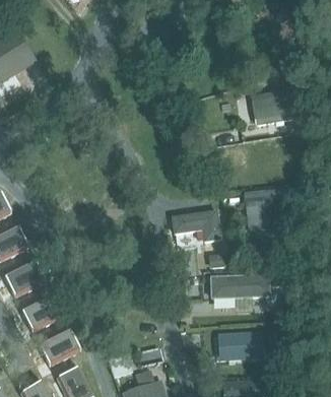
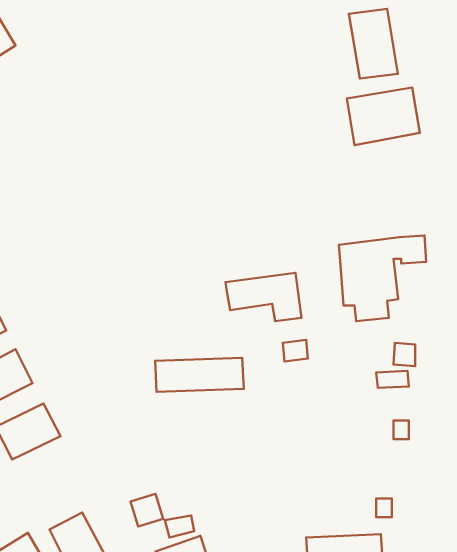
building: none -> [349,9,398,79]
building: [211,274,269,296] -> [155,358,244,392]
building: [40,328,81,366] -> none
building: [216,331,253,359] -> none

